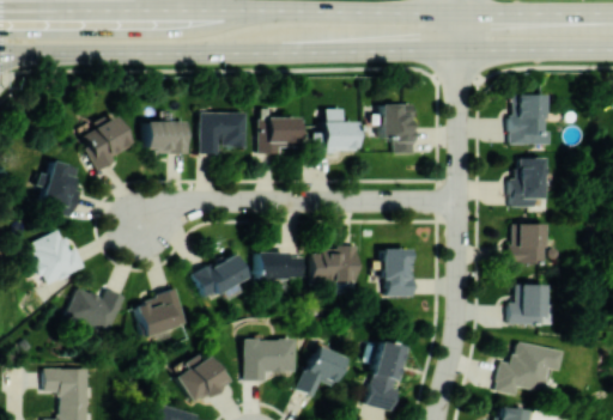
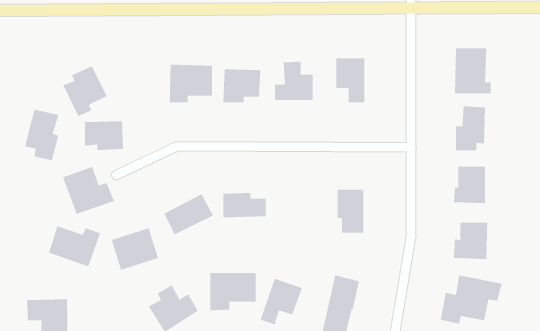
building: [145,121,188,153] -> [84,121,124,150]
building: [28,230,85,282] -> [62,166,115,214]
building: [314,244,358,284] -> none

